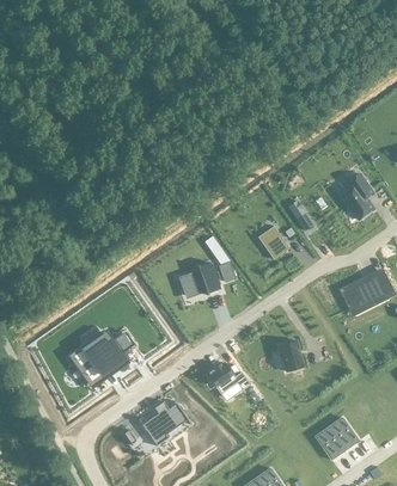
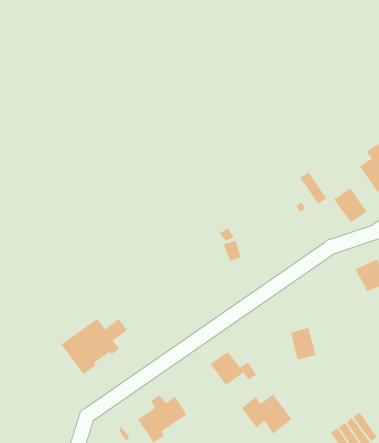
building: [257,226,288,258] -> [333,188,368,223]
building: [181,262,219,294] -> none
building: none -> [241,393,292,435]

